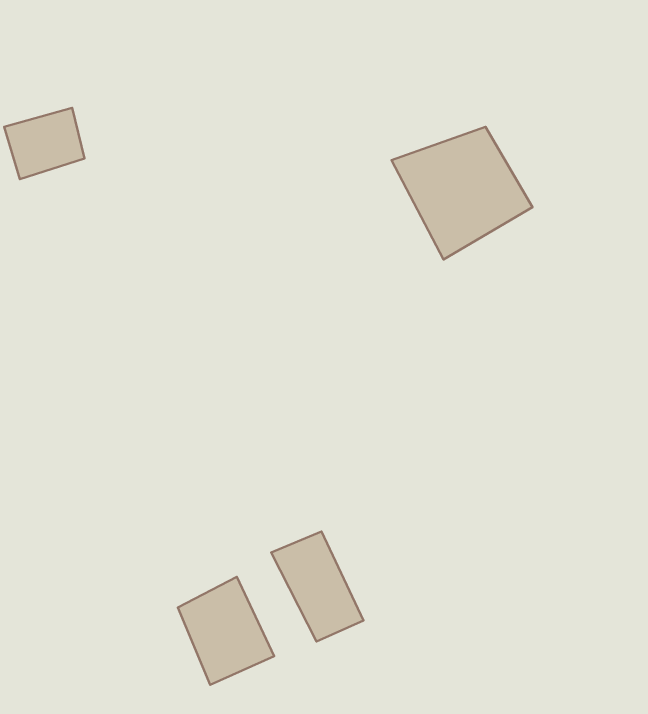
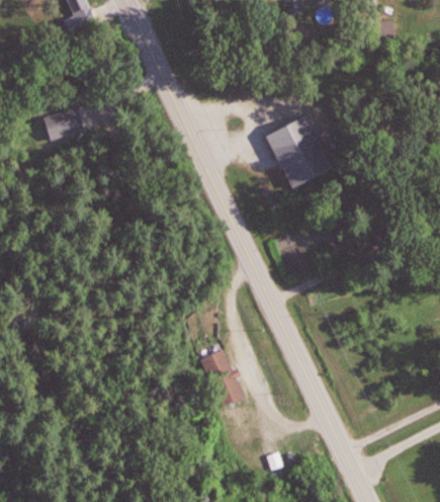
building: [178,577,274,685] -> none

